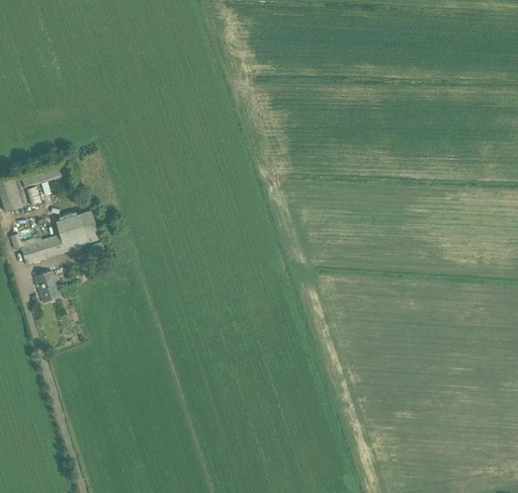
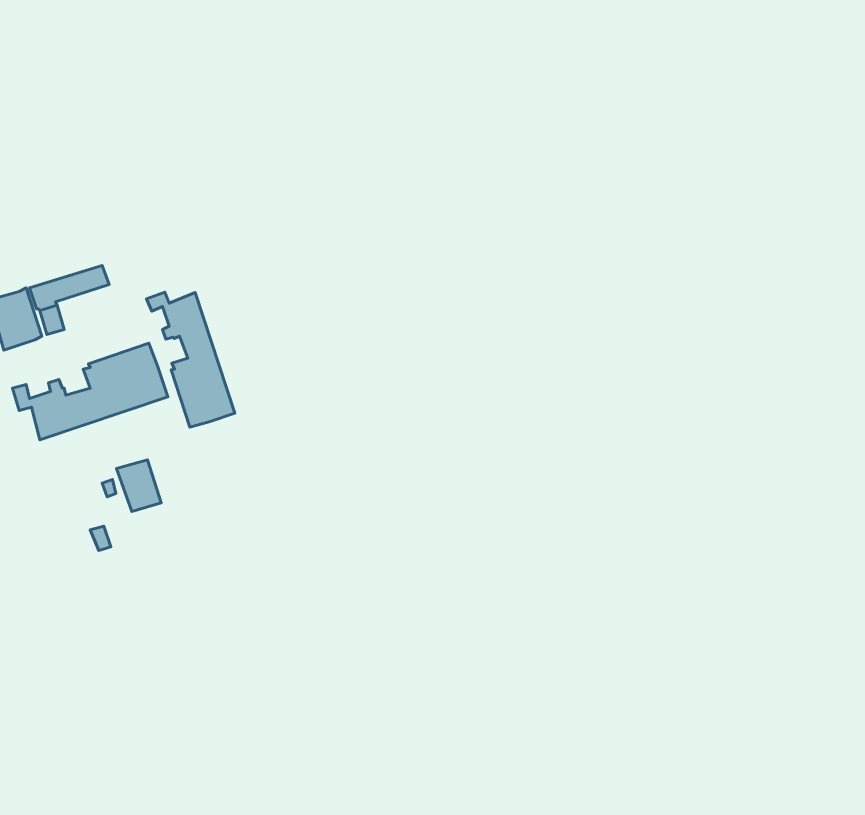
building: none -> [147,292,235,427]
building: [33,271,60,302] -> [116,460,161,512]

